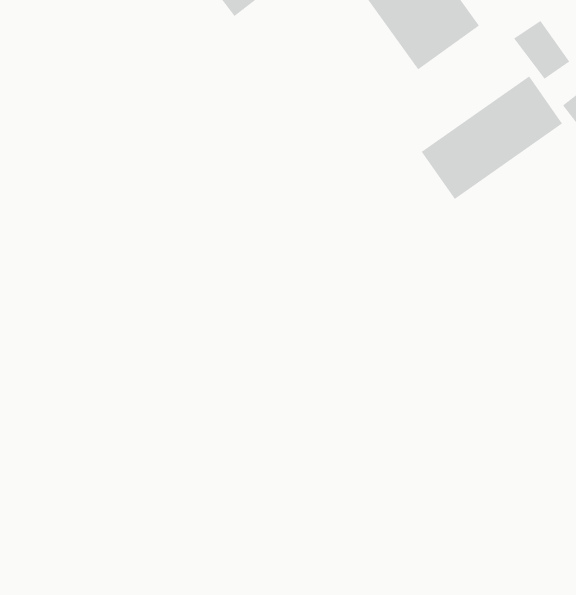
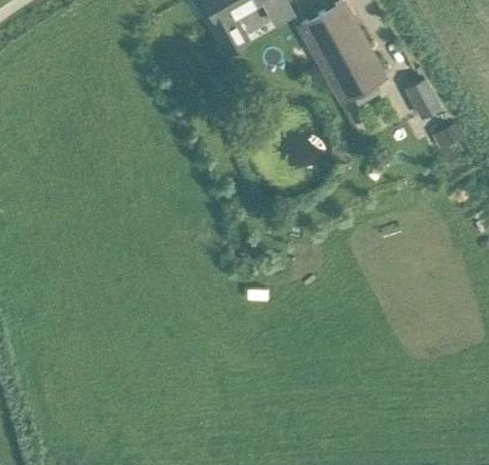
building: [421,76,563,200] -> none

